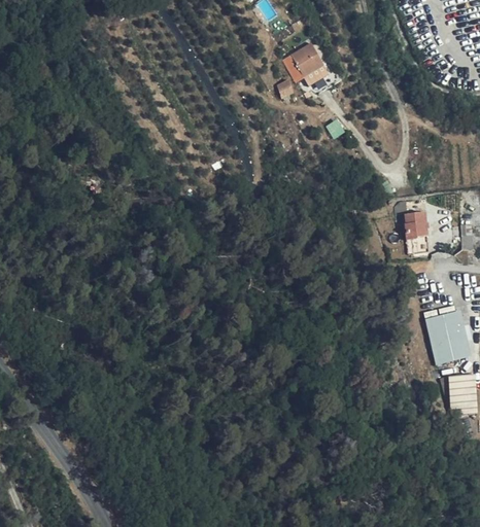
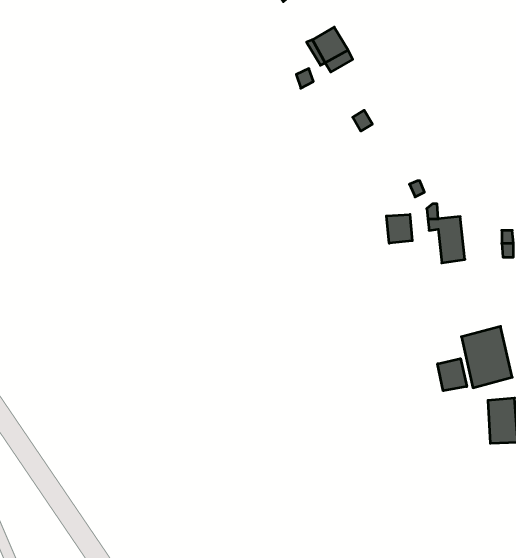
building: none -> [386,214,412,243]
building: none -> [438,359,467,391]

